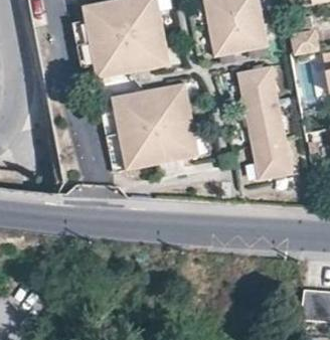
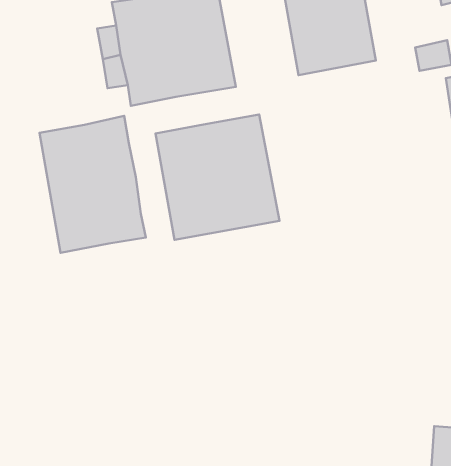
building: [234,66,290,179] -> none
building: none -> [39,116,146,253]

